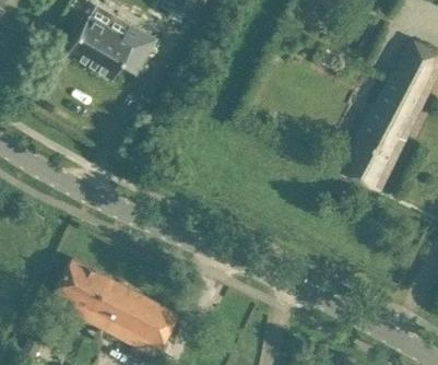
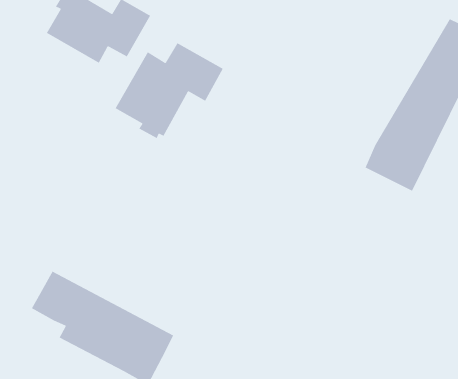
building: none -> [115,42,224,139]

